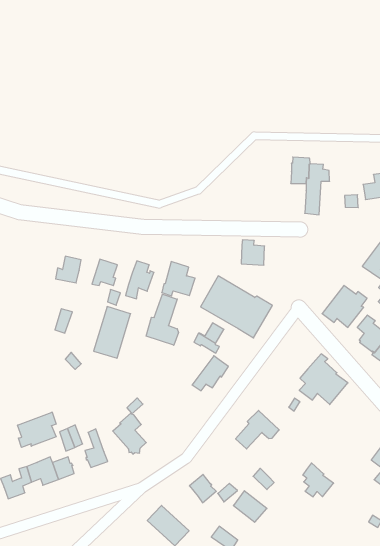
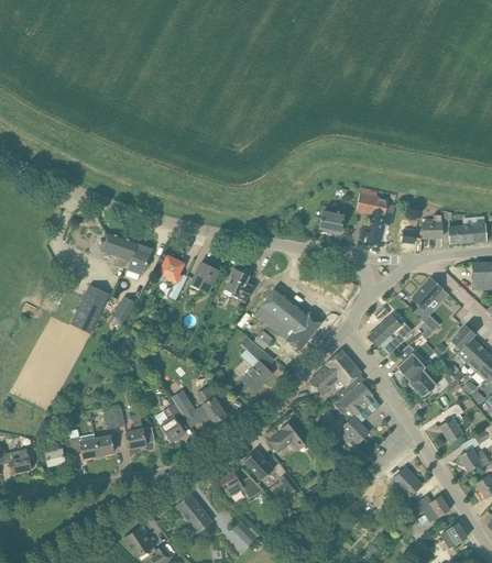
building: [241,240,265,265] -> [319,206,343,232]
building: none -> [97,231,138,267]
building: [146,294,178,345] -> none
building: [94,307,131,358] -> [70,284,110,333]
building: none -> [310,349,361,393]
building: none -> [184,386,226,427]
building: [18,412,56,447] -> none
building: [303,463,334,497] -> [341,410,369,443]
building: [233,491,267,522] -> [243,449,274,479]

